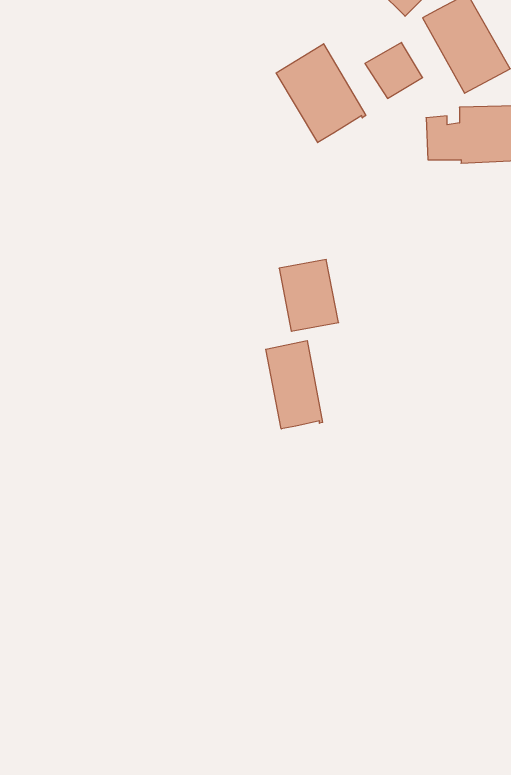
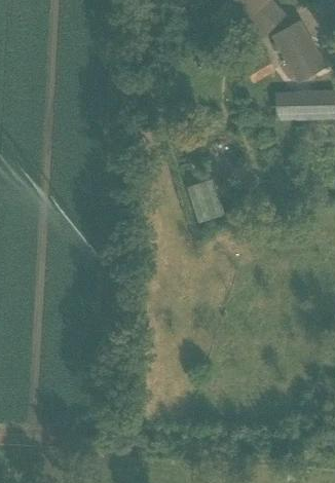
building: [276,44,366,143] -> none
building: [266,341,323,429] -> none

